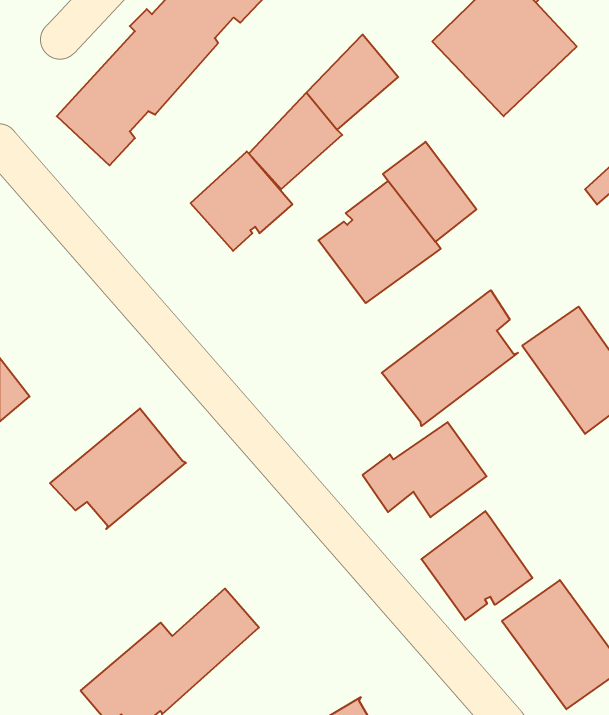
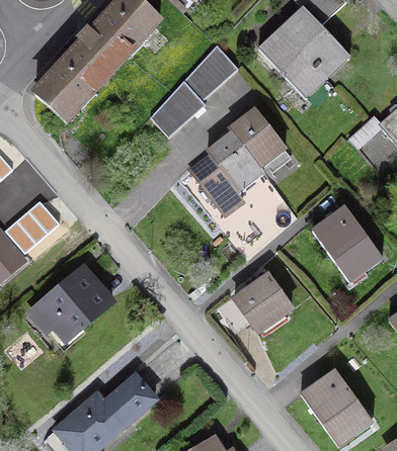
building: [191,151,292,251] -> none
building: [382,290,518,426] -> none
building: none -> [11,210,55,255]
building: [421,511,532,620] -> none

